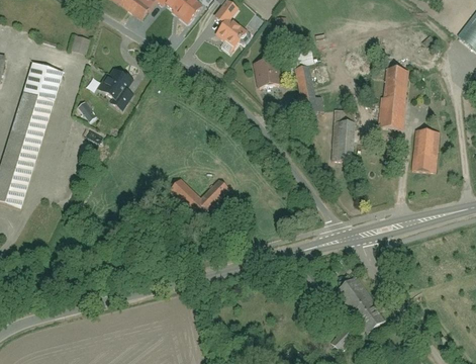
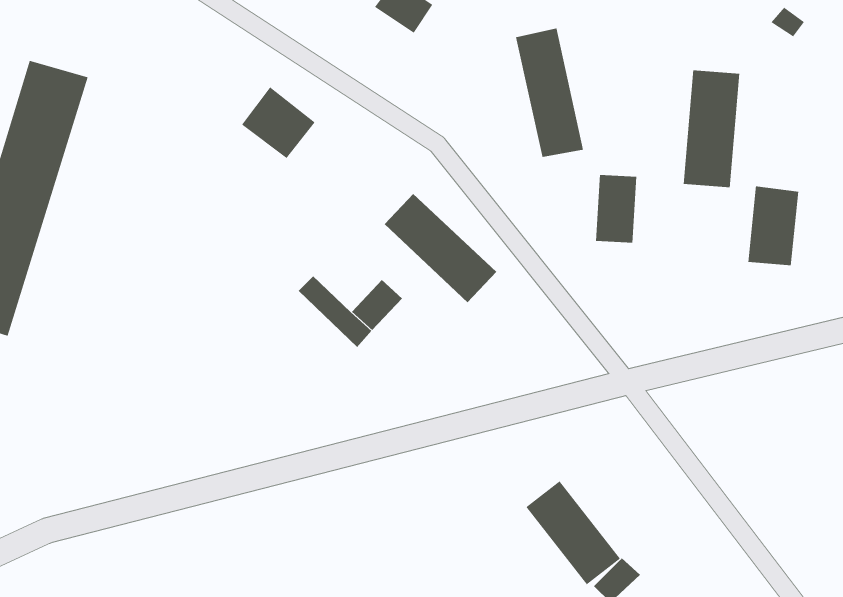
building: [254,59,279,88] -> none
building: [98,67,137,105] -> [241,86,315,159]
building: none -> [384,193,497,303]
building: [335,277,385,333] -> [526,481,621,585]

